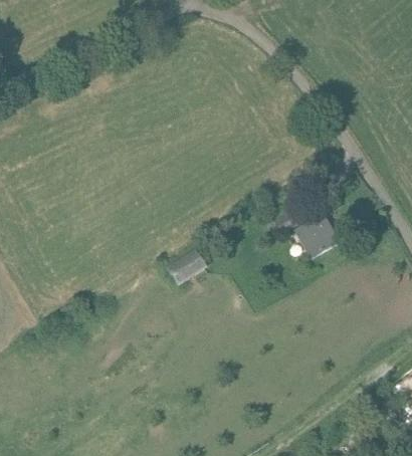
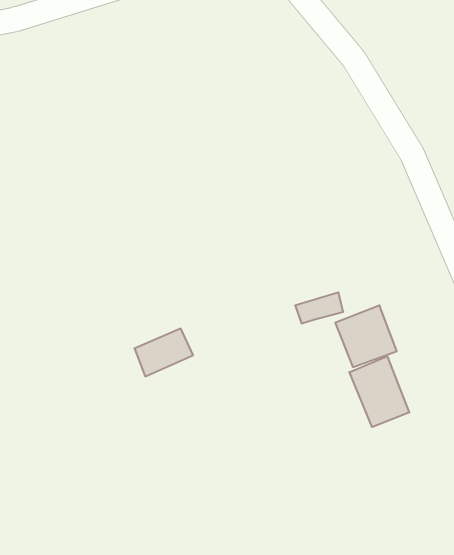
building: none -> [349,356,409,427]

